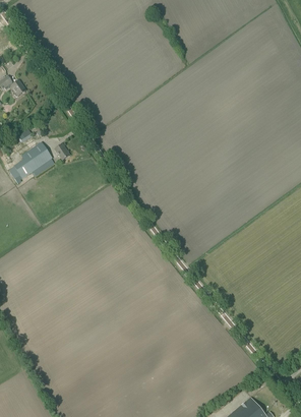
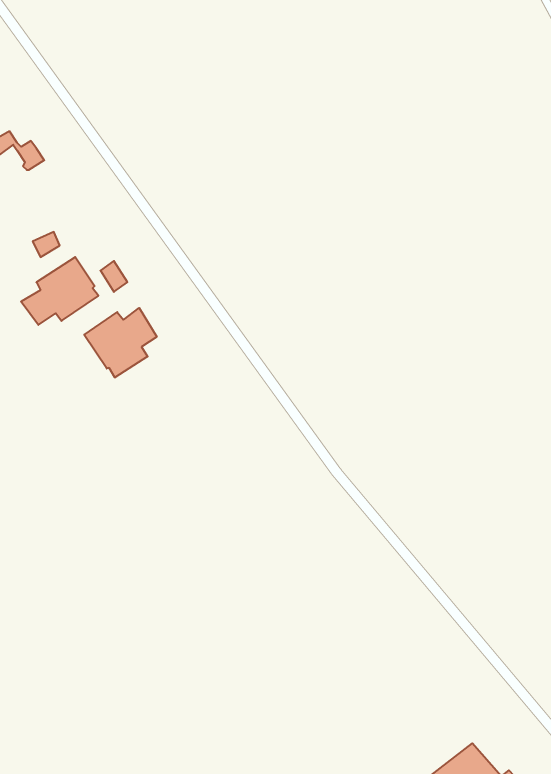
building: none -> [84,308,157,378]

